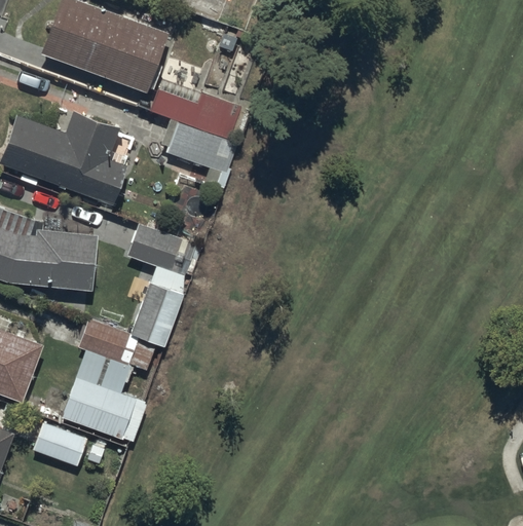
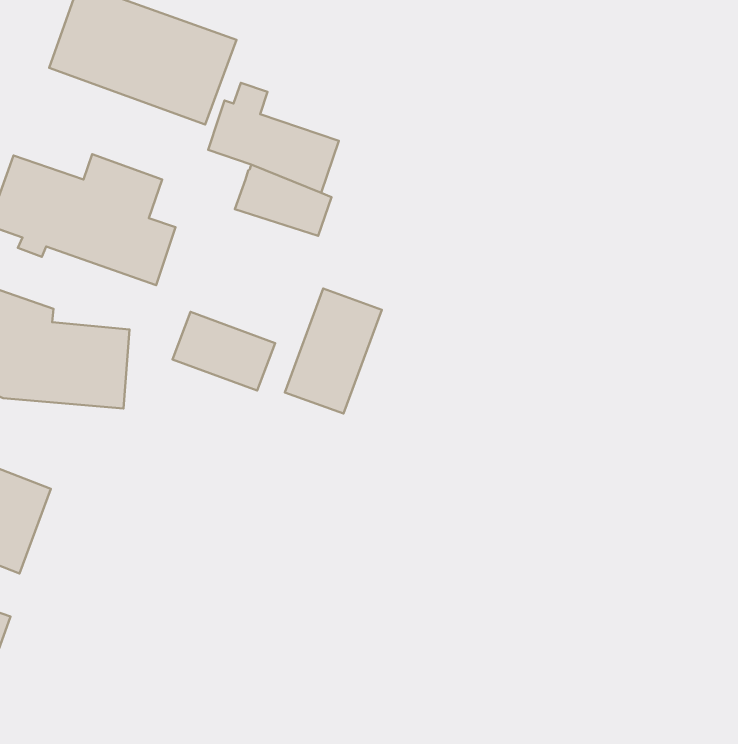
building: none -> [285,289,382,414]
building: [63,283,183,442] -> none
building: [32,422,105,466] -> none

